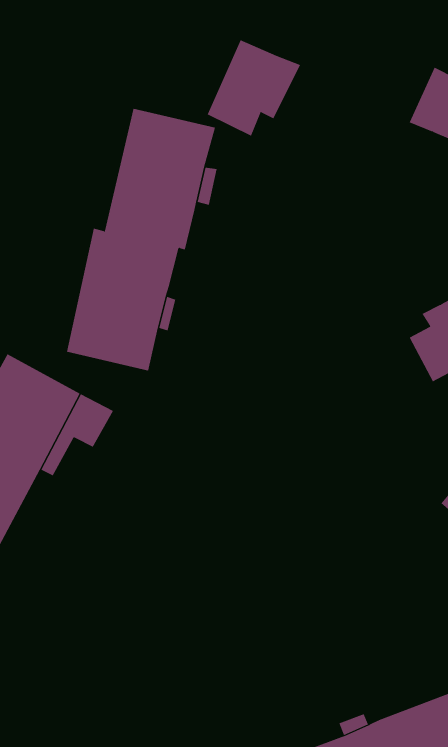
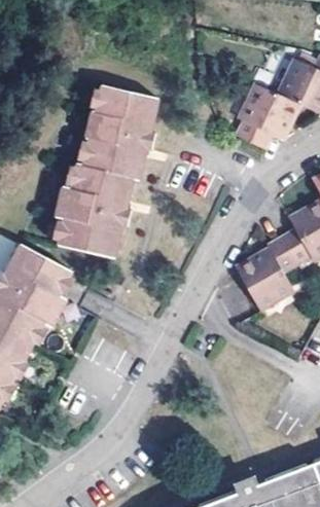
building: [207,39,301,137] -> [237,86,297,149]
building: none -> [239,236,297,305]

